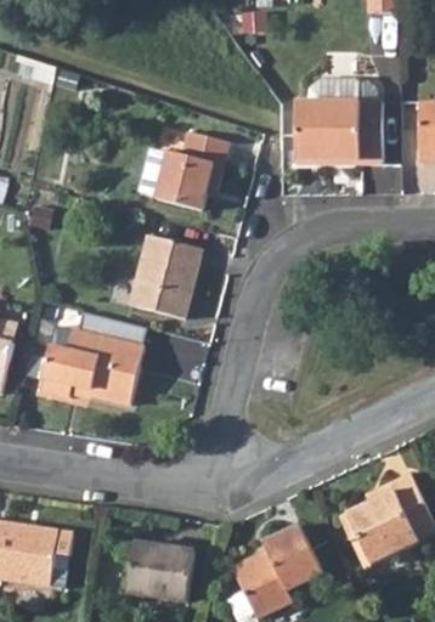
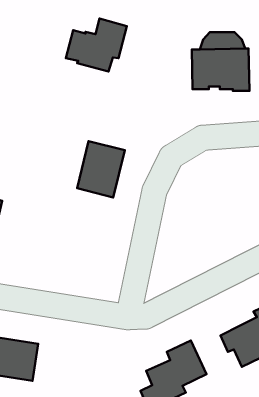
building: [136,130,226,208] -> [66,19,127,72]
building: [40,329,145,406] -> none
building: [126,542,193,600] -> none

